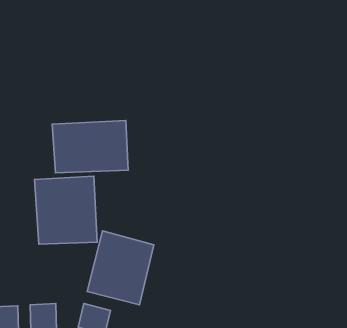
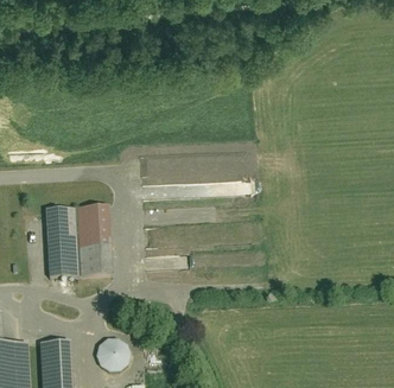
building: [52,120,128,173] -> none
building: [87,231,154,305] -> none

